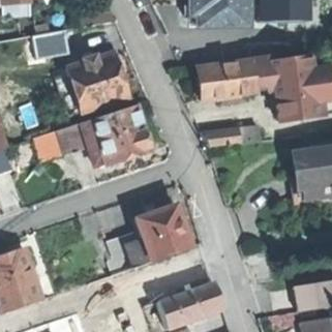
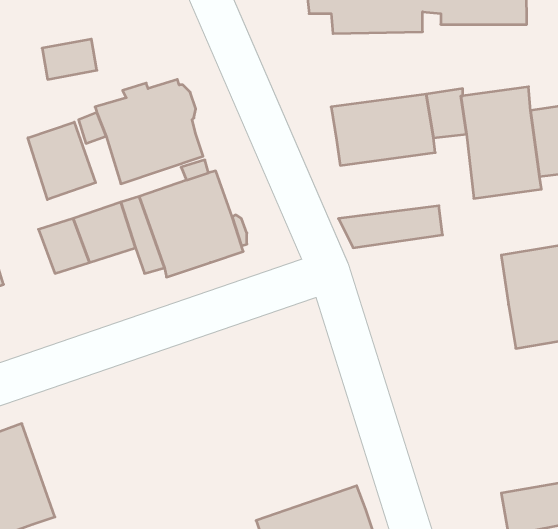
building: none -> [28,122,96,200]
building: [108,204,190,272] -> none

